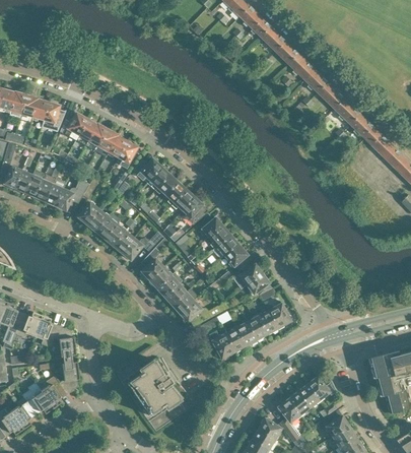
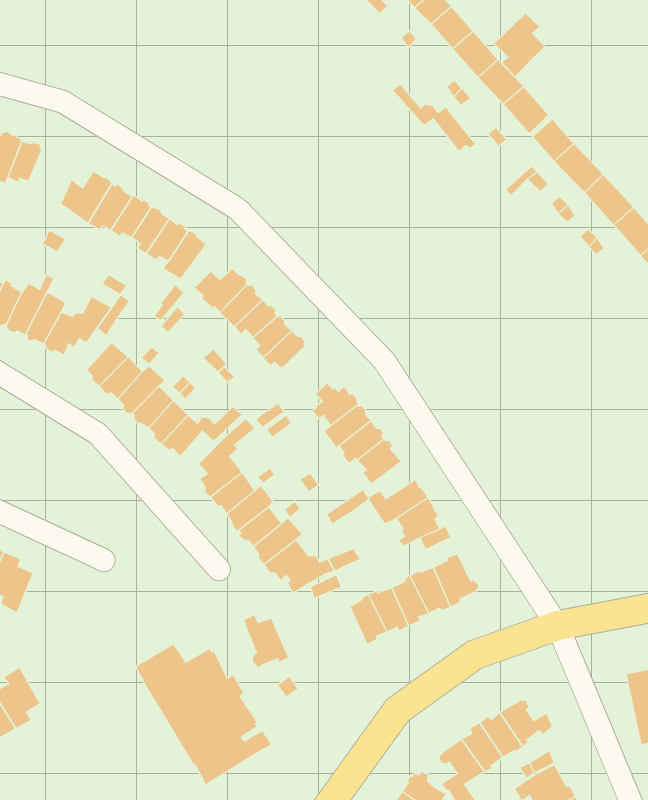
building: none -> [493,13,545,77]
building: none -> [392,84,476,152]
building: [41,102,66,132] -> none
building: [182,197,206,225] -> none
building: [54,326,76,357] -> none
building: [210,331,235,359] -> [243,615,289,667]
building: [59,363,79,394] -> none

